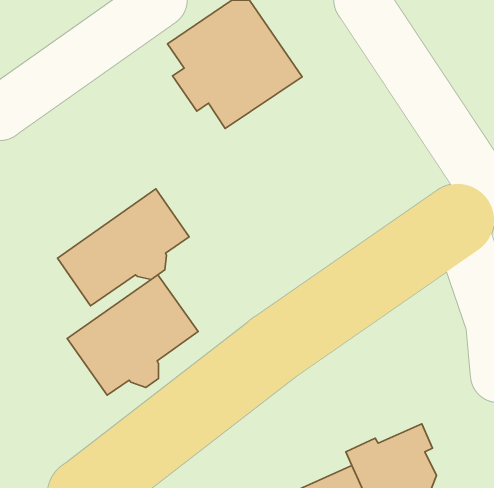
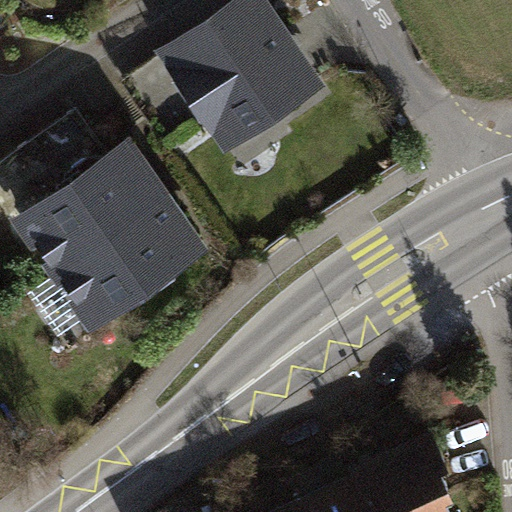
building: none -> [28,155,164,275]
building: [67,275,198,395] -> none

